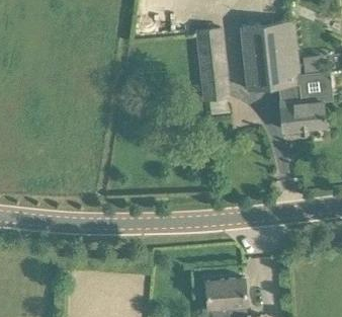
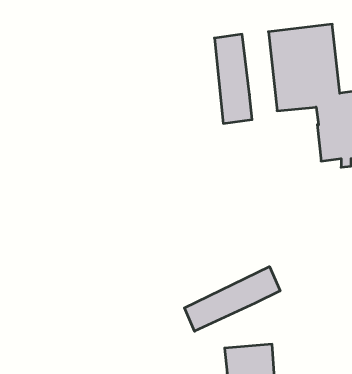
building: none -> [184,267,280,331]

